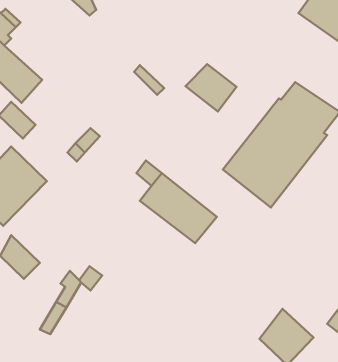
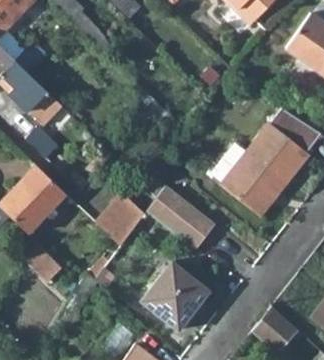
building: [185,64,237,112] -> none
building: none -> [96,193,146,245]
building: none -> [142,261,210,330]

